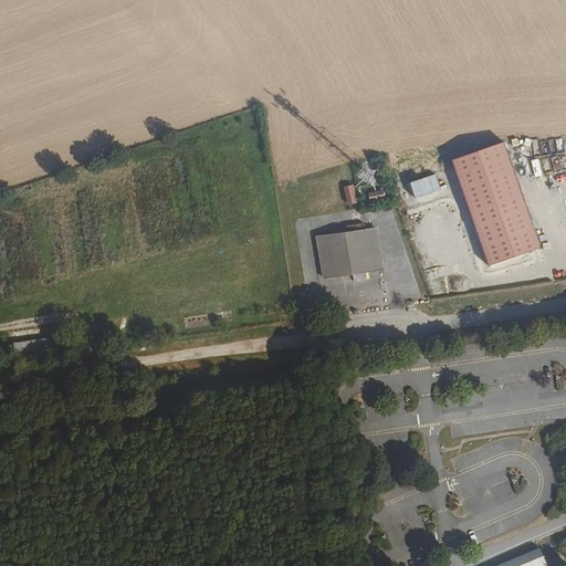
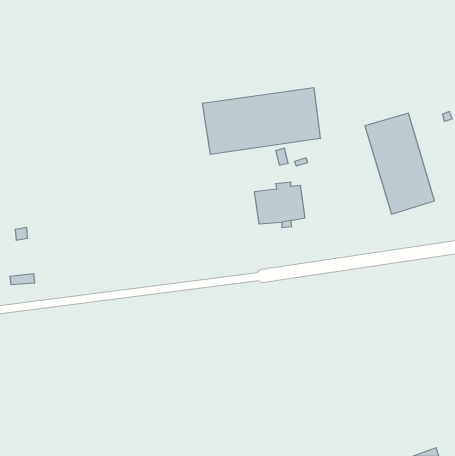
building: none -> [202,88,320,154]
building: [409,172,441,198] -> none

